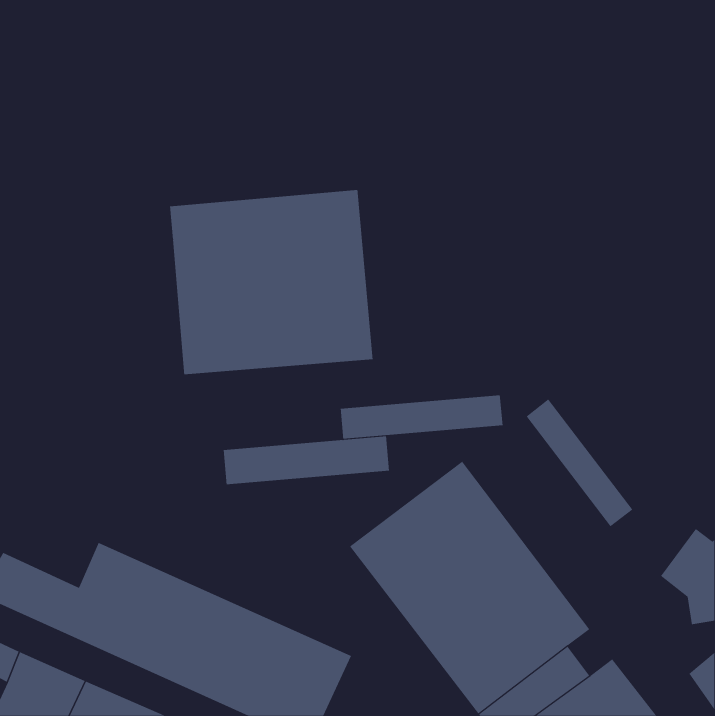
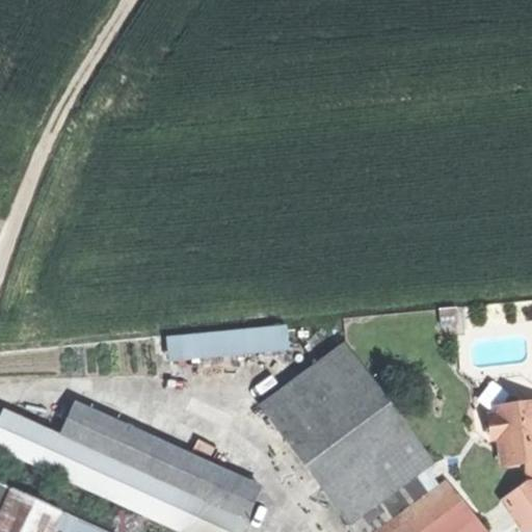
building: [169,189,373,375] -> none
building: [340,395,503,440] -> none
building: [526,399,633,527] -> none

